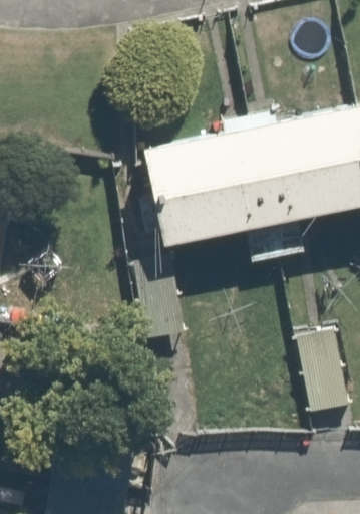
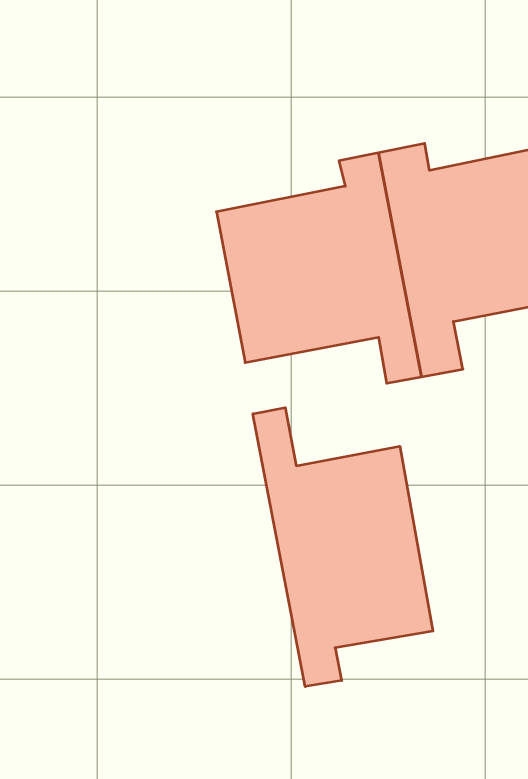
building: none -> [253,408,433,687]

